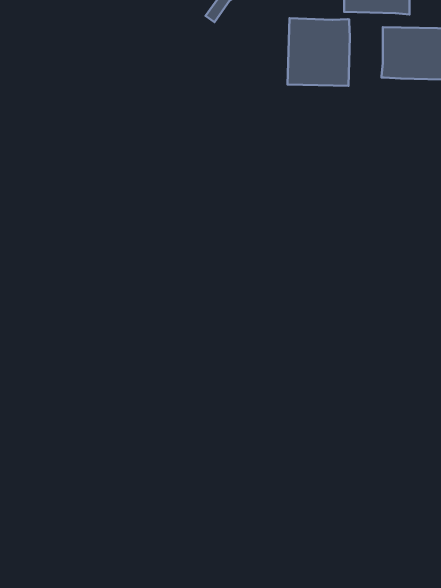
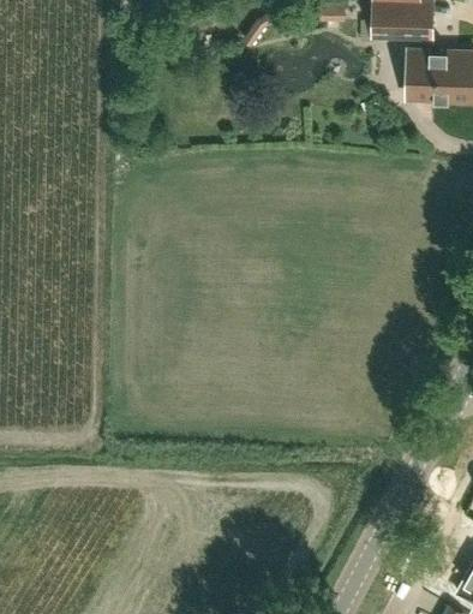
building: [287,18,350,86] -> none

